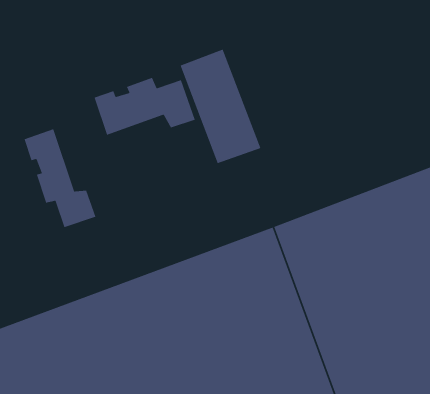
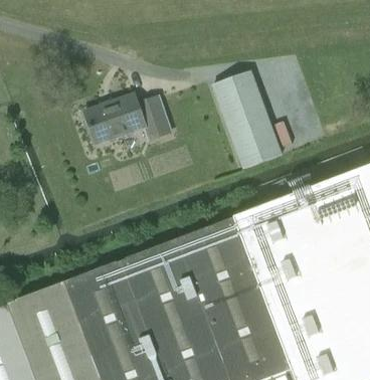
building: [180,48,262,164] -> [213,70,282,167]
building: [23,128,96,228] -> none

